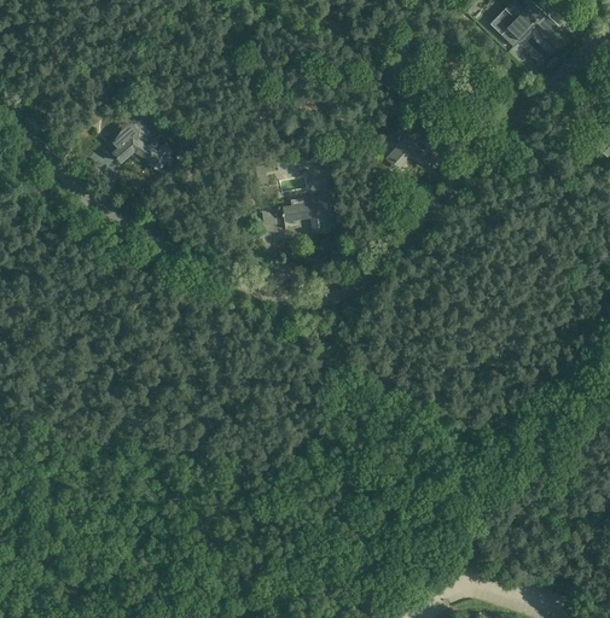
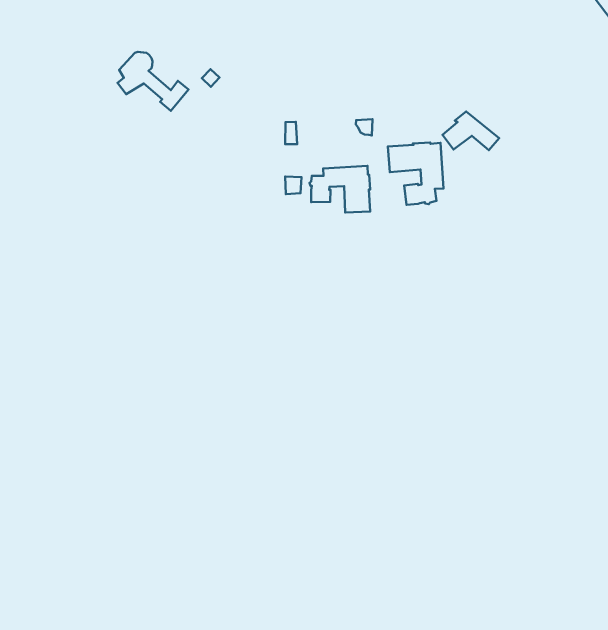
building: none -> [388,142,443,205]

